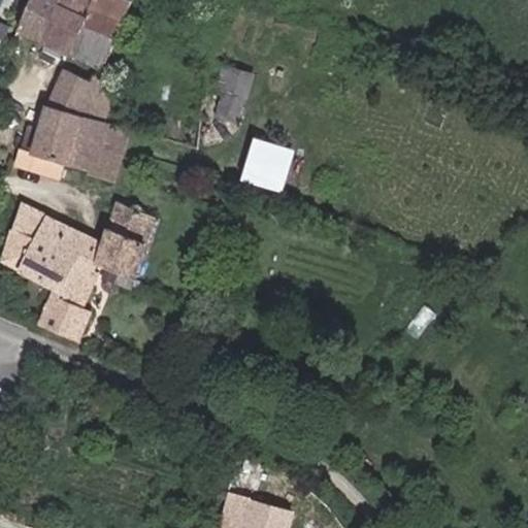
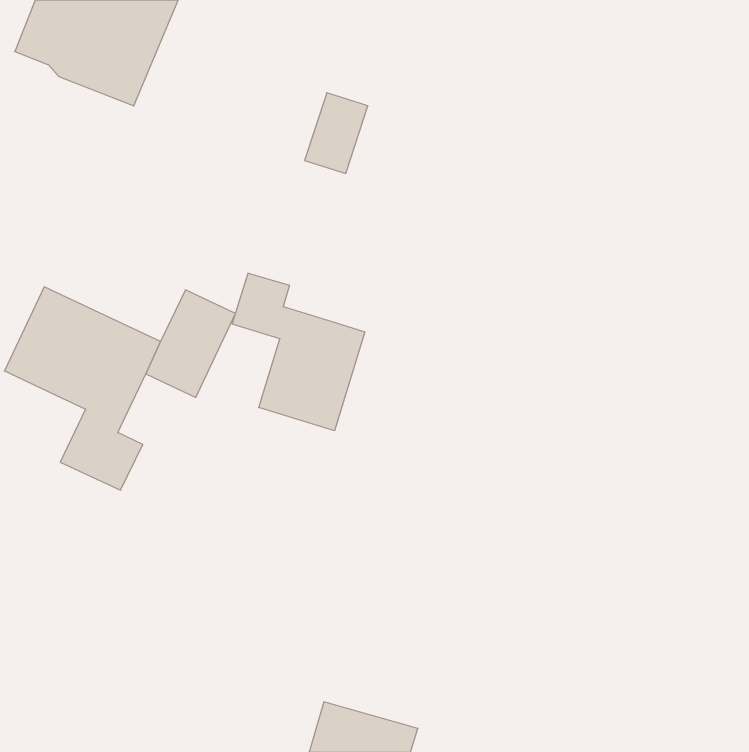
building: [9,69,126,183] -> none
building: [238,138,292,194] -> none
building: none -> [232,273,365,431]

